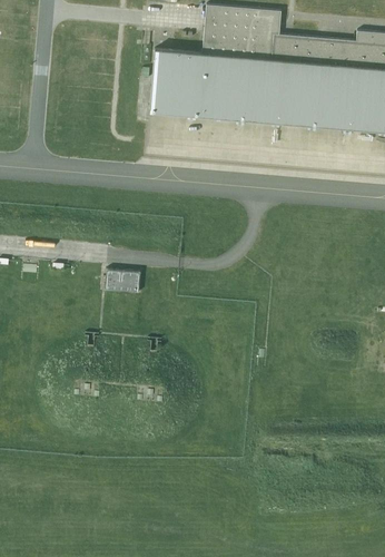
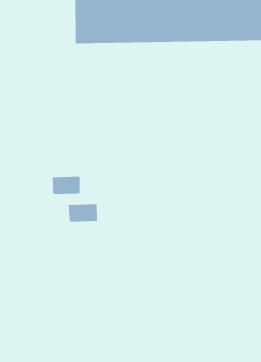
building: none -> [68,203,98,223]

